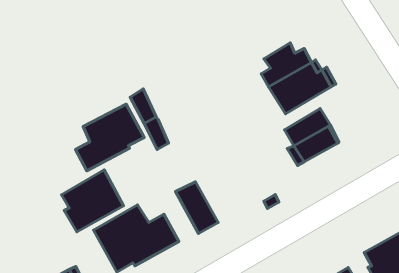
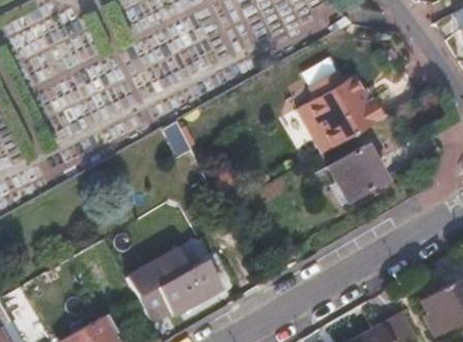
building: [75,104,144,171] -> none
building: [61,170,123,232] -> none
building: [175,182,218,234] -> none

